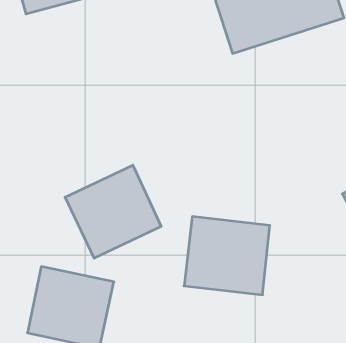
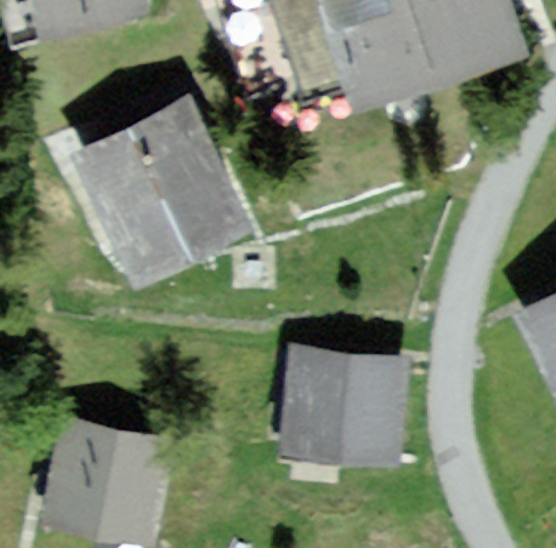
building: none -> [72,99,253,284]
building: [65,165,161,258] -> none

